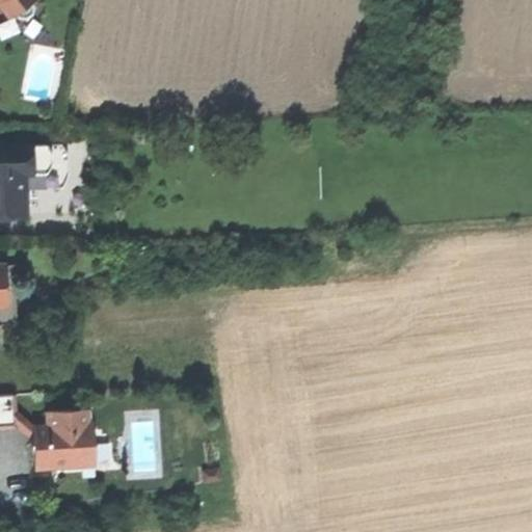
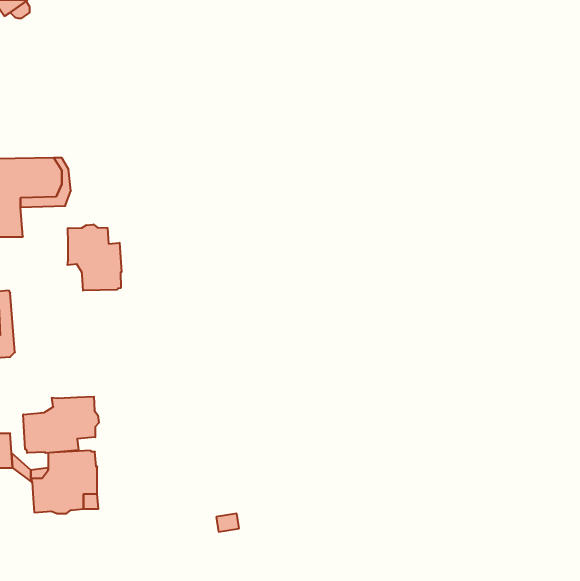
building: none -> [68,224,122,291]
building: none -> [23,397,99,453]

